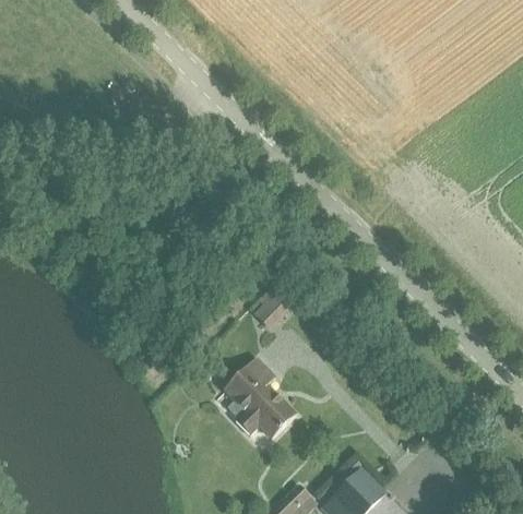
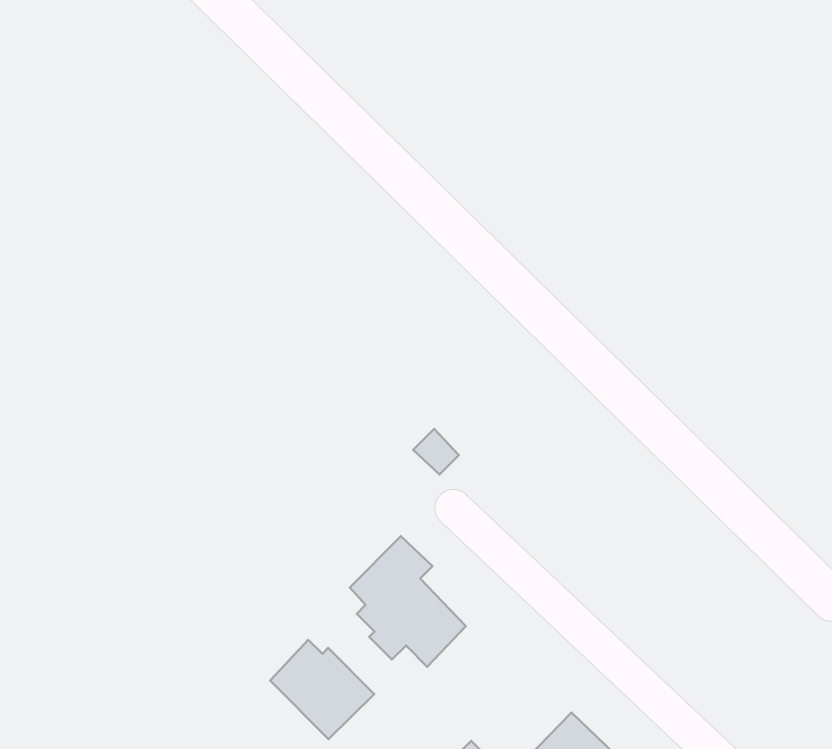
building: none -> [270,640,374,739]

